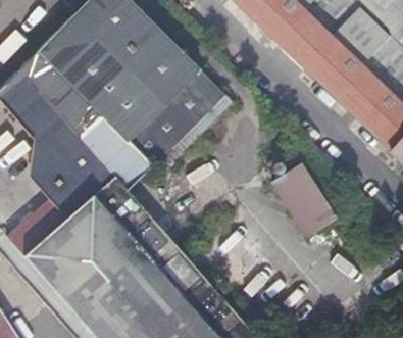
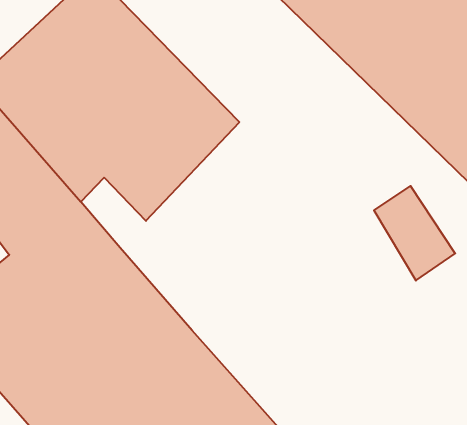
building: [100,139,149,192] -> none
building: [279,170,340,241] -> [374,186,455,281]

